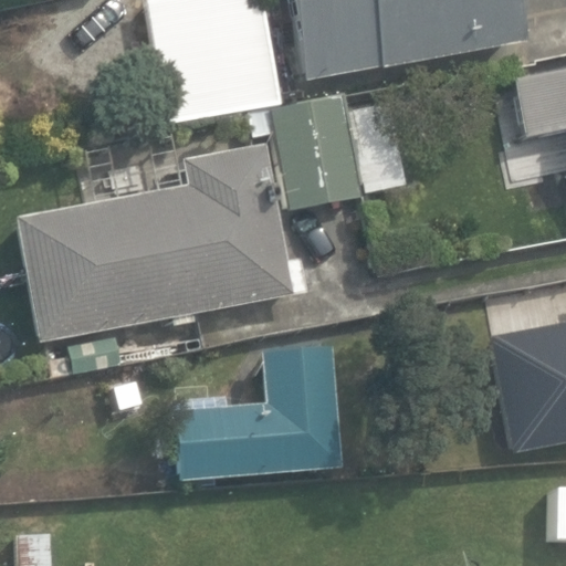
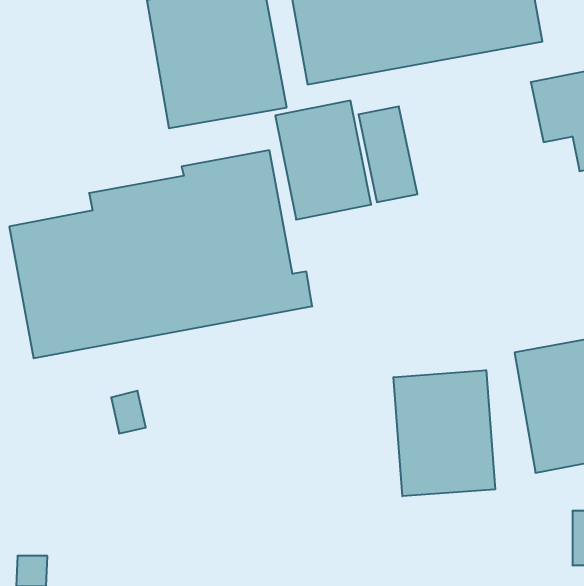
building: [171,345,339,480] -> none
building: none -> [394,370,495,496]

